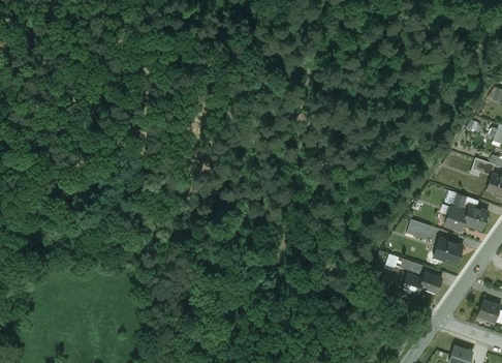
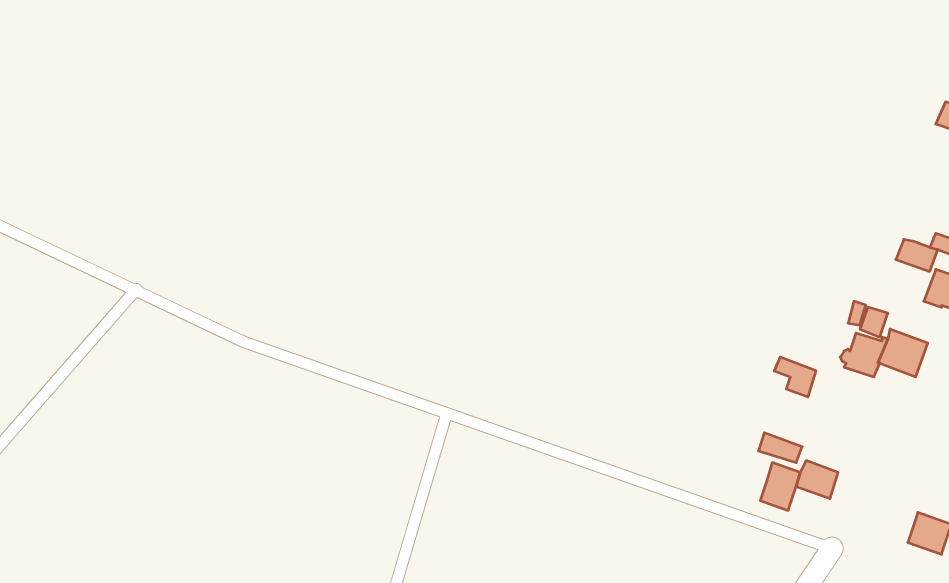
building: [434,238,464,265] -> none

